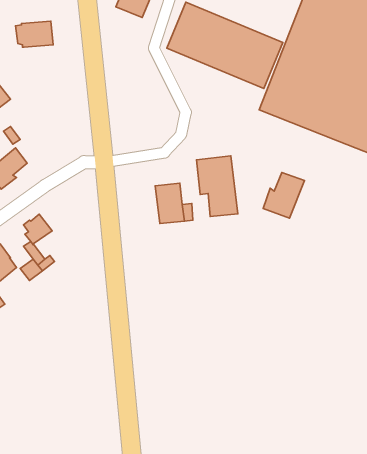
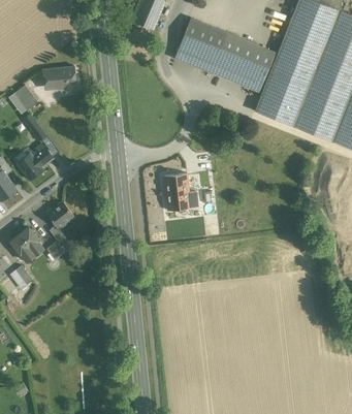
building: [15,21,53,47] -> [42,66,75,89]
building: [197,156,238,217] -> none
building: [263,172,304,218] -> none

